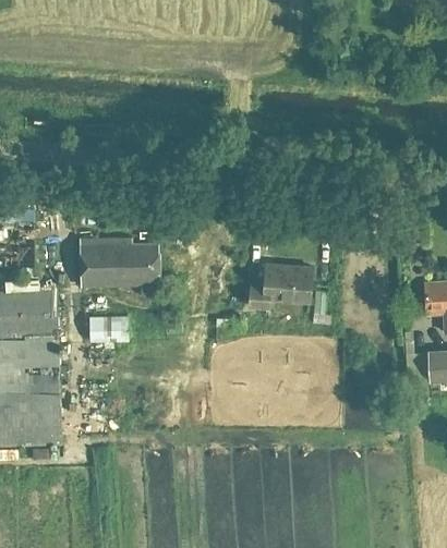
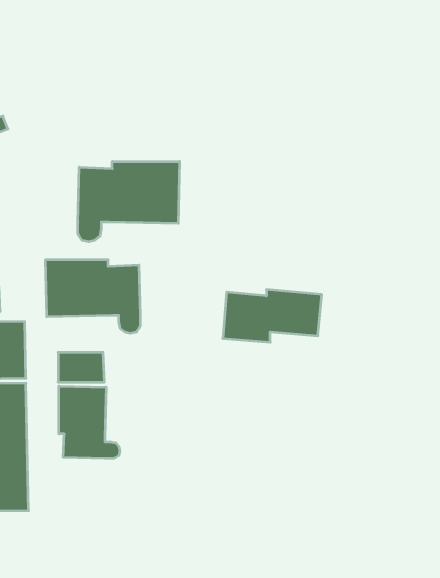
building: none -> [78,161,180,242]
building: none -> [59,386,120,458]

